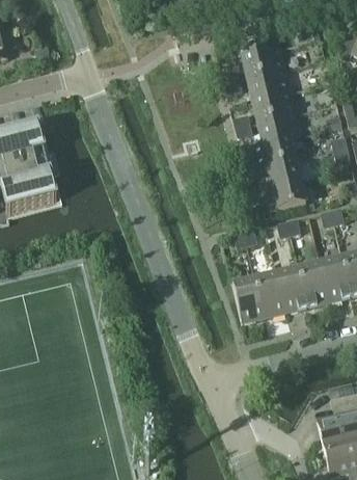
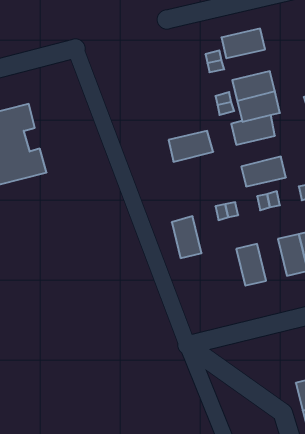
building: [245,69,291,101] -> none
building: [255,159,302,191] -> [169,131,213,162]
building: [277,267,308,311] -> none
building: [234,277,265,321] -> [172,216,202,258]

